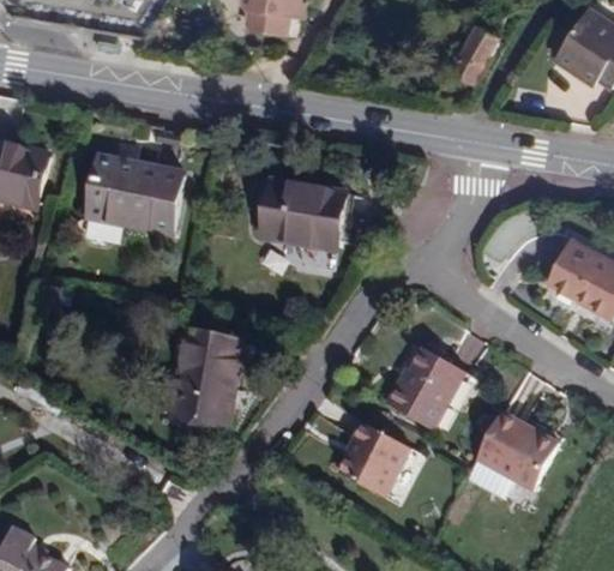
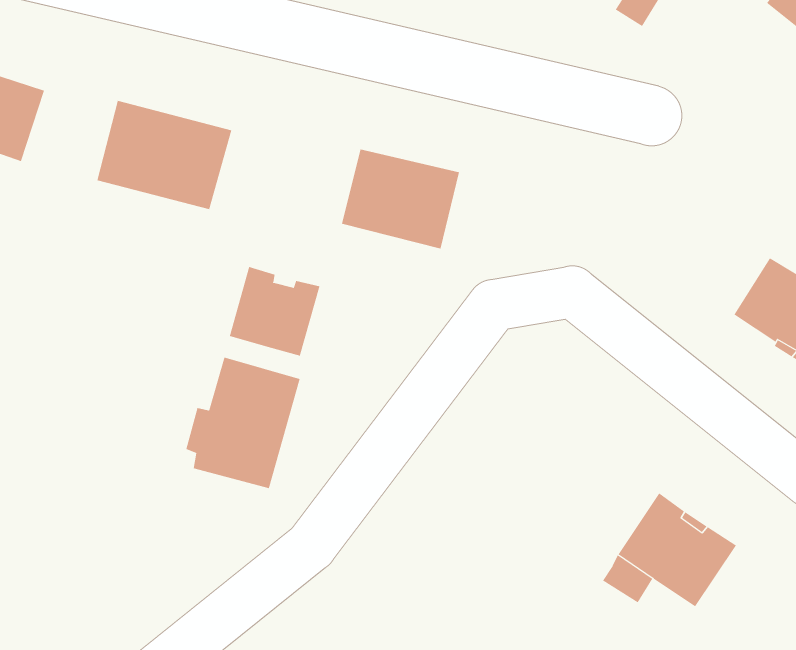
building: none -> [229,266,320,356]
building: [389,348,464,427] -> none
building: [338,420,409,493] -> none

